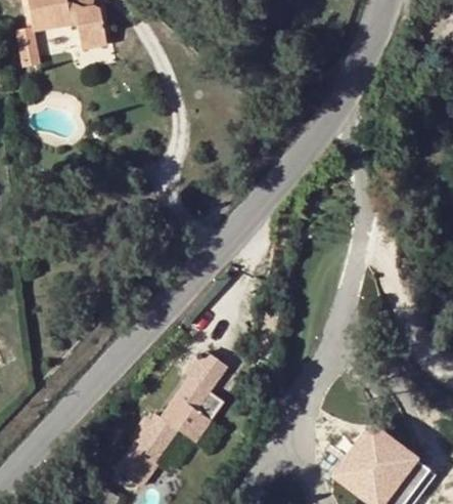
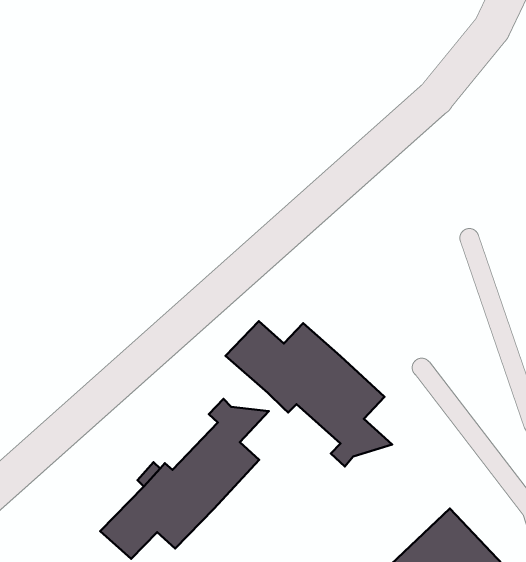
building: none -> [226,321,392,466]

